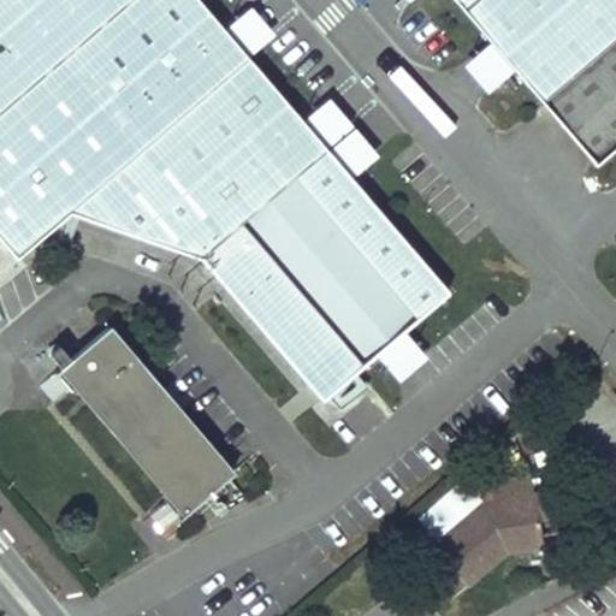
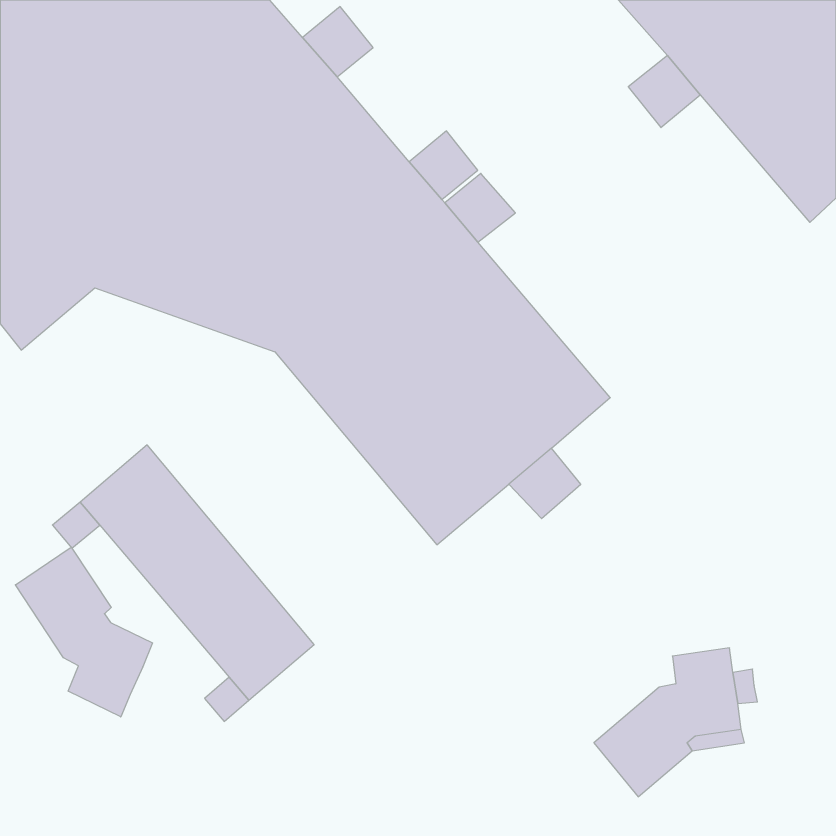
building: none -> [15,547,153,717]

